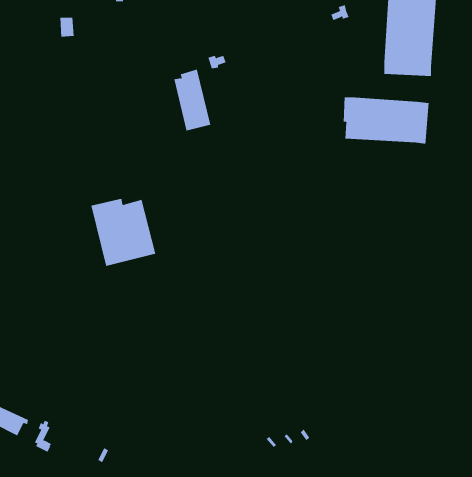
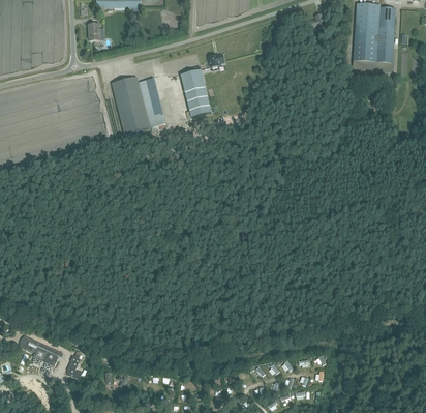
building: [343,97,429,144] -> none
building: [90,198,156,266] -> [112,77,165,132]

